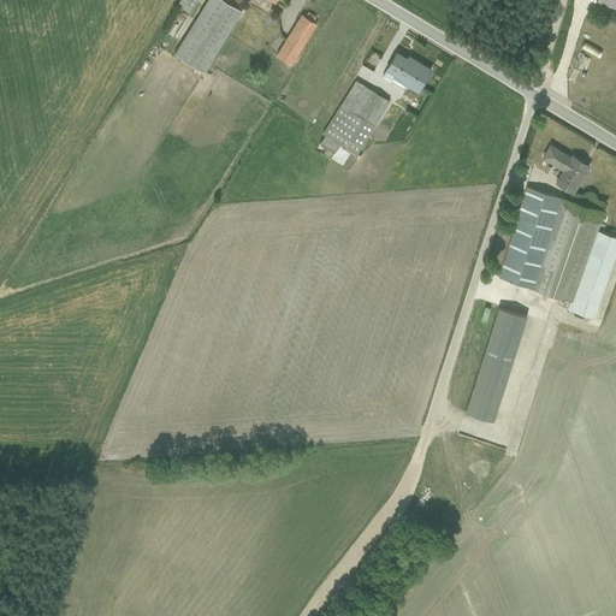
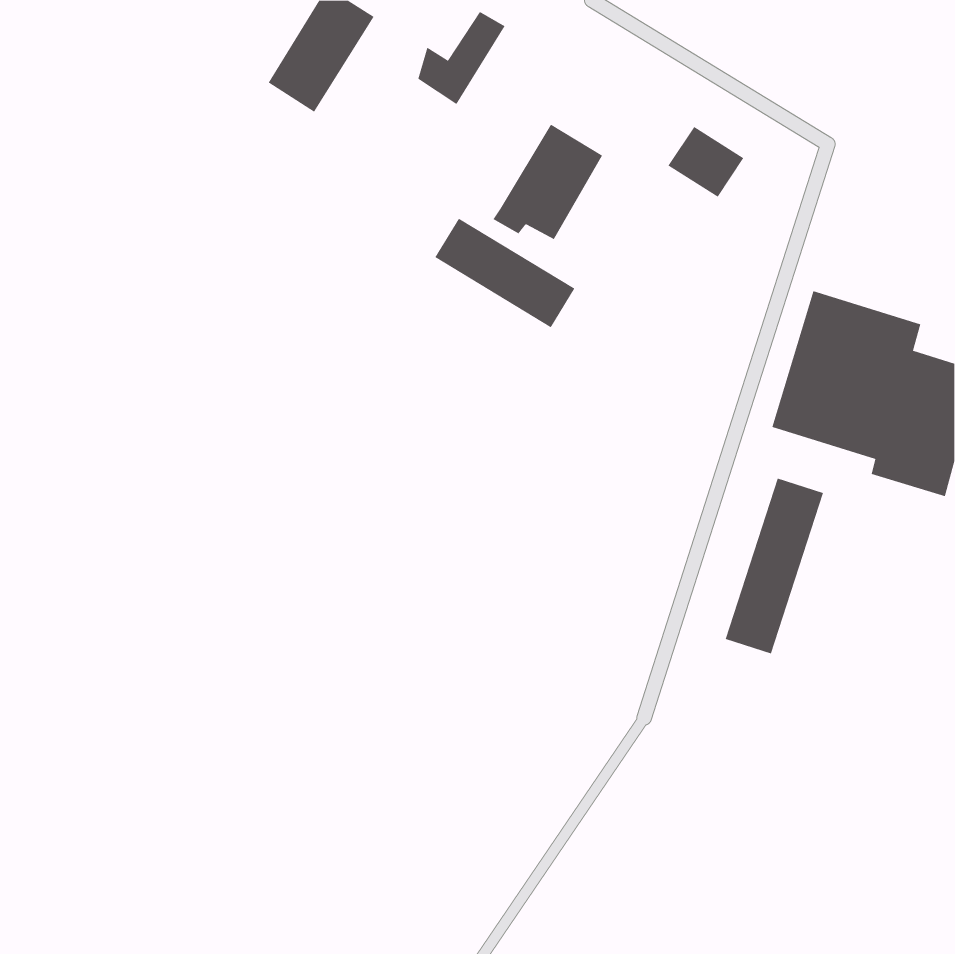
building: [384,49,433,95] -> [668,126,744,197]
building: none -> [434,218,575,328]
building: [543,143,590,194] -> none

